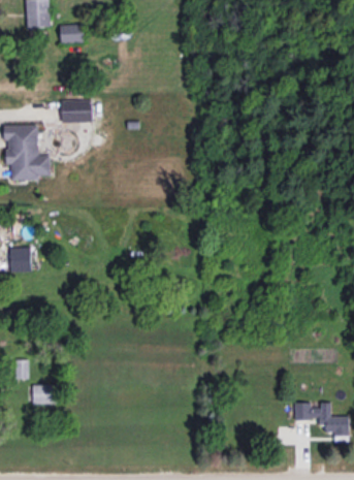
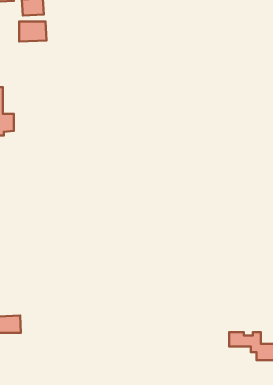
building: [61,100,92,123] -> [19,22,46,42]

